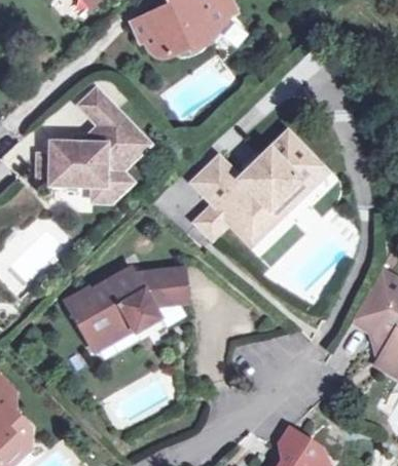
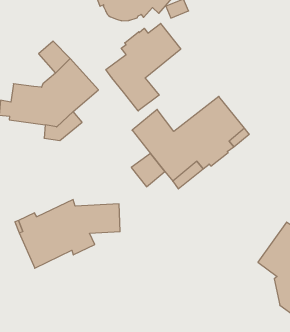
building: none -> [106,23,181,111]

